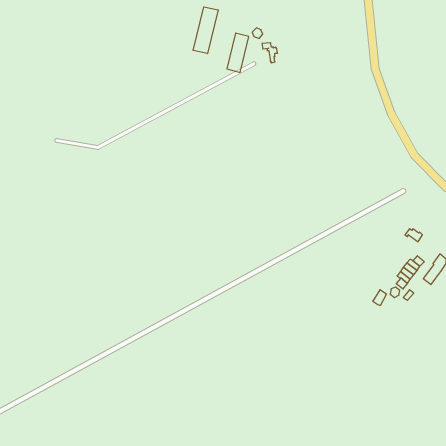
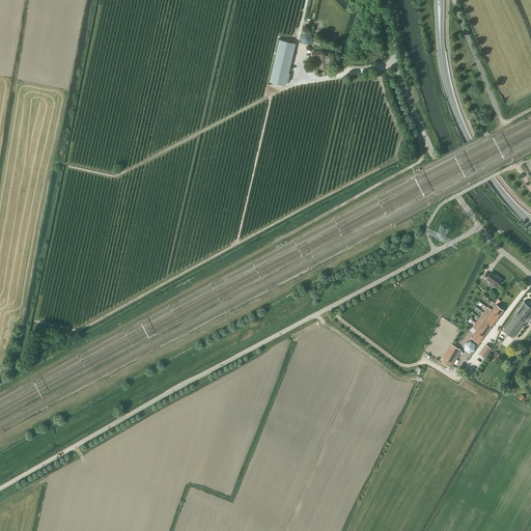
building: [193,7,218,54] -> none

